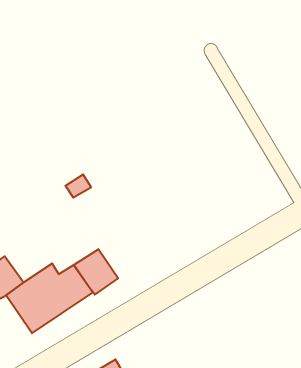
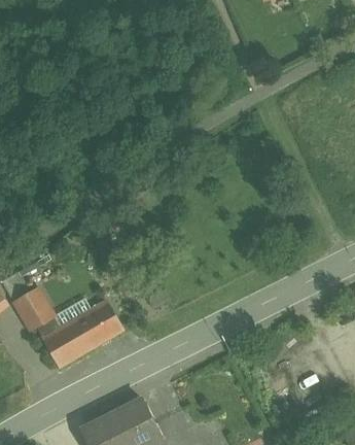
building: [74,249,118,295] -> none

